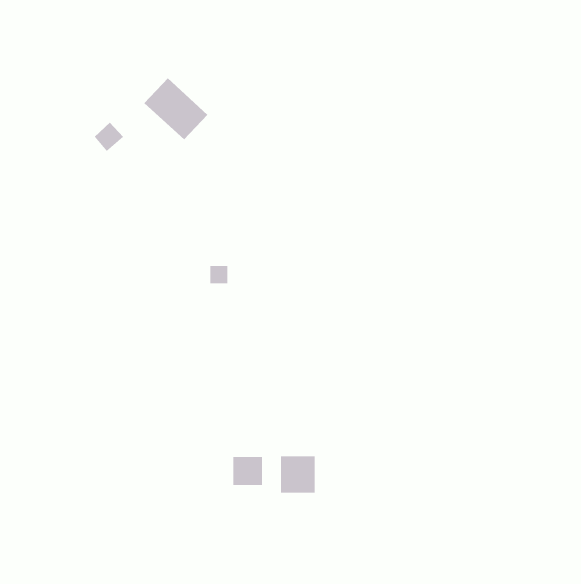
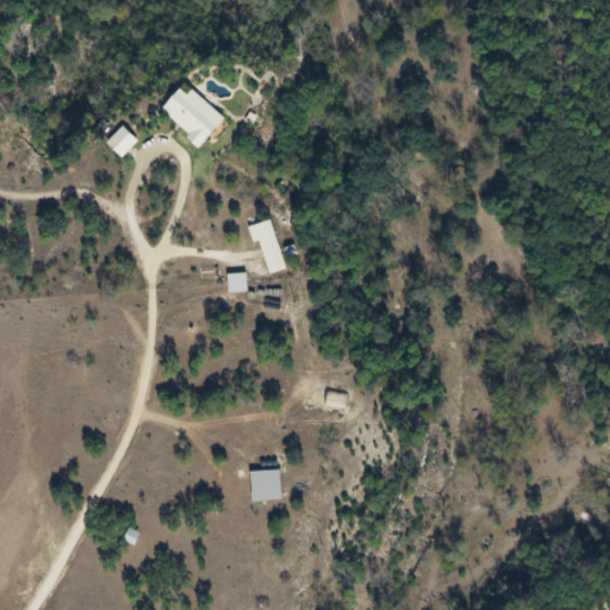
building: none -> [255,219,282,273]
building: [280,456,315,493] -> none

